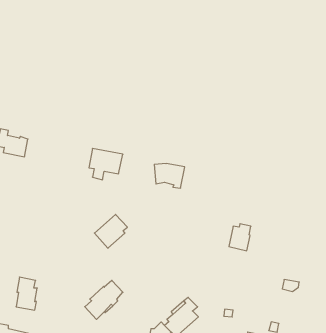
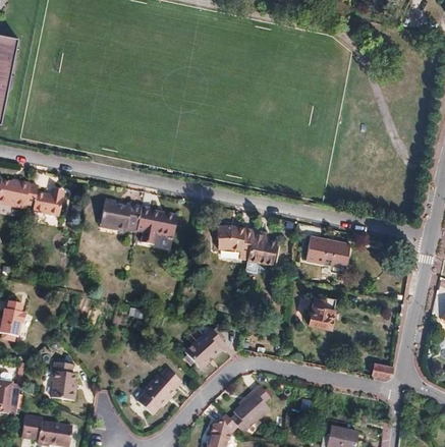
building: none -> [101,198,143,230]
building: none -> [247,228,278,264]
building: none -> [304,234,347,266]
building: [94,214,127,248] -> [182,326,222,367]

